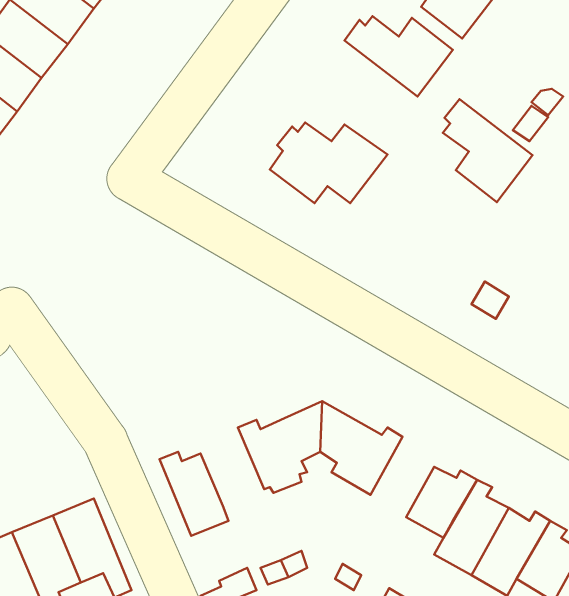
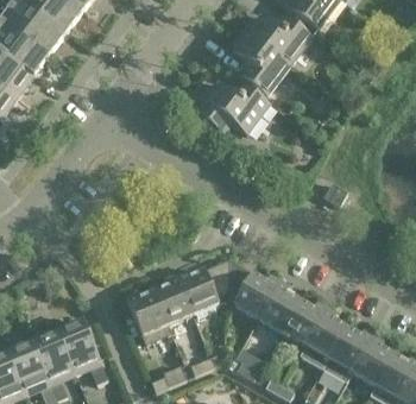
building: [443,99,532,202] -> [232,30,289,95]
building: none -> [151,276,191,326]
building: none -> [259,282,300,333]

